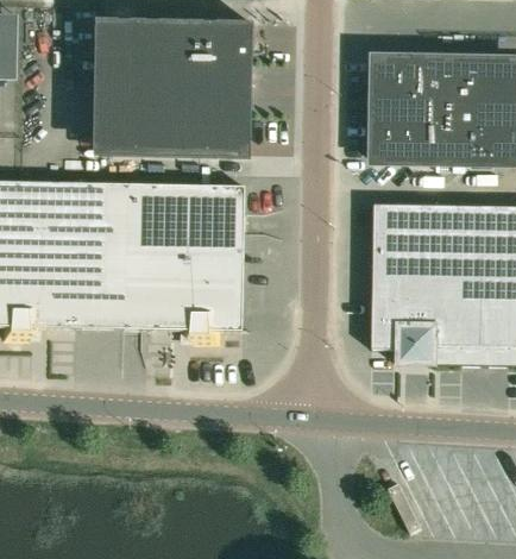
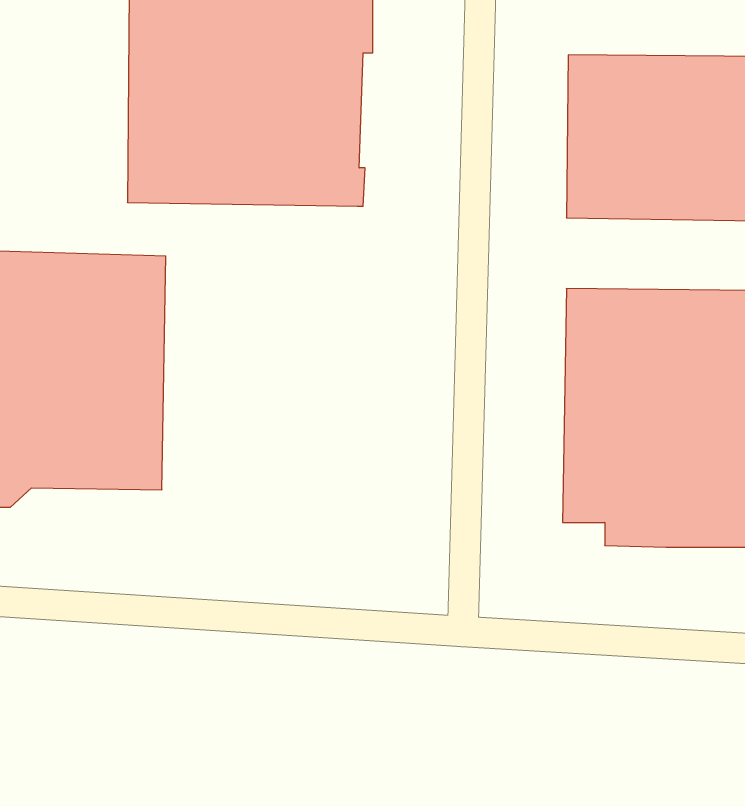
building: [120,183,244,343] -> none

